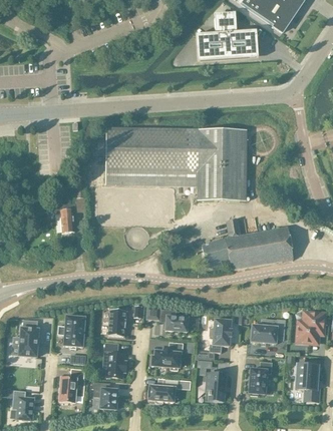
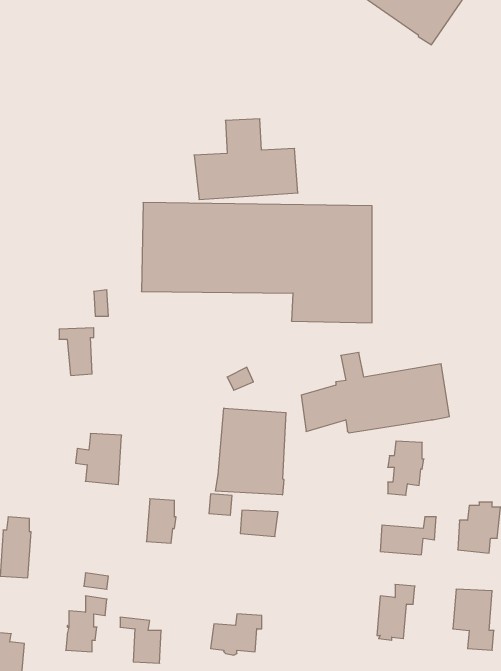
building: [197,13,260,62] -> [194,119,298,199]
building: none -> [216,408,286,495]
building: [57,316,85,347] -> [76,434,122,485]
building: [210,319,232,352] -> [388,441,424,495]
building: [102,342,126,378] -> none
building: [151,342,183,370] -> none
building: [207,372,224,401] -> none

